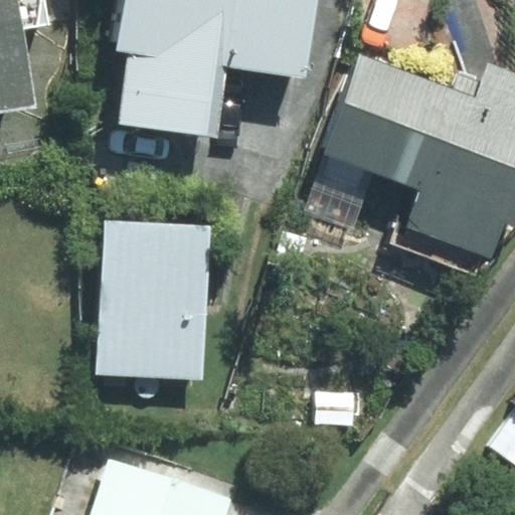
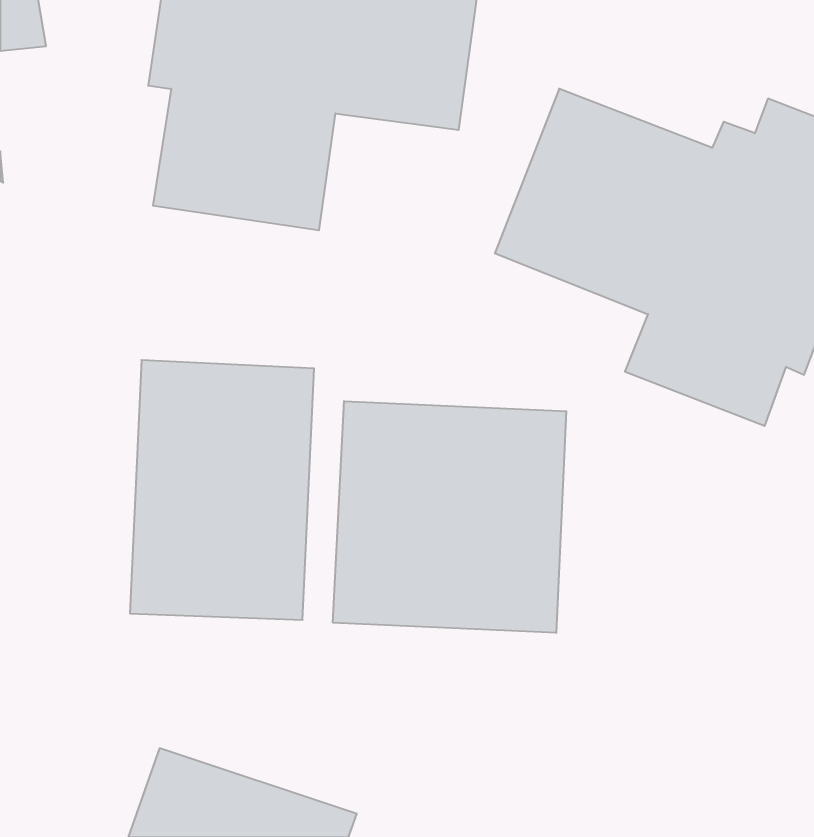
building: none -> [333,401,566,633]

